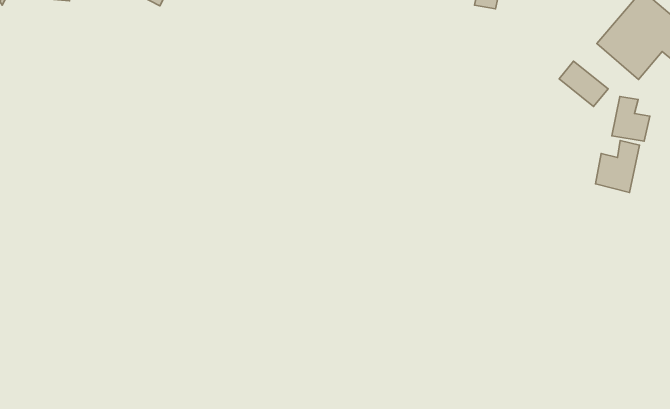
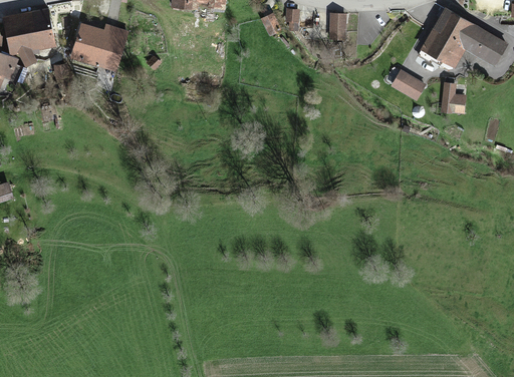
building: [595,140,639,192] -> none

